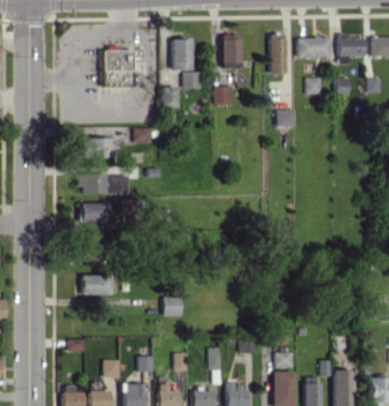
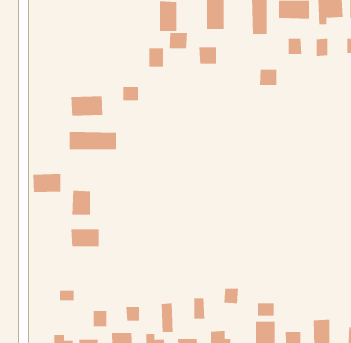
building: [102,49,146,88] -> none
building: [80,202,110,222] -> [32,173,61,193]
building: [163,296,182,316] -> none

